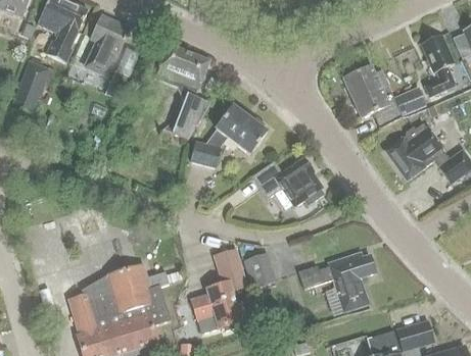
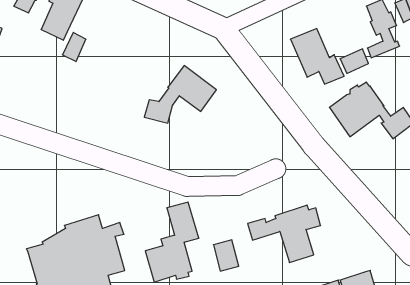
building: [155,44,211,138] -> none
building: [251,157,323,206] -> none
building: [245,254,272,287] -> [213,240,239,271]

